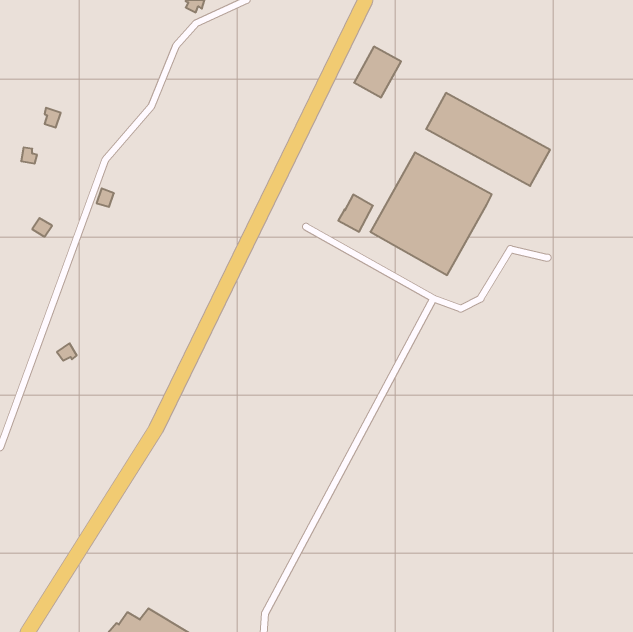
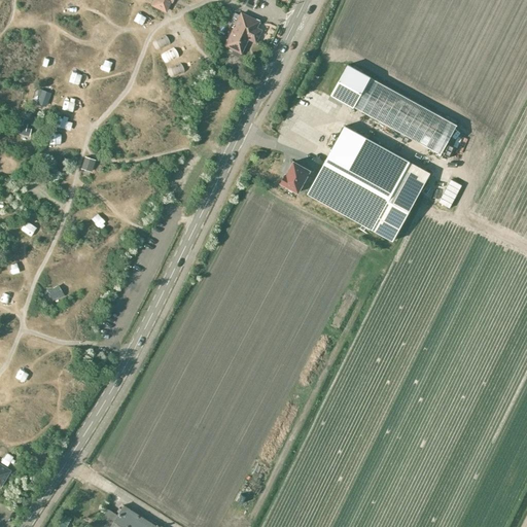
building: none -> [224,14,258,54]
building: [354,47,401,97] -> [331,66,371,108]
building: none -> [372,171,426,242]

